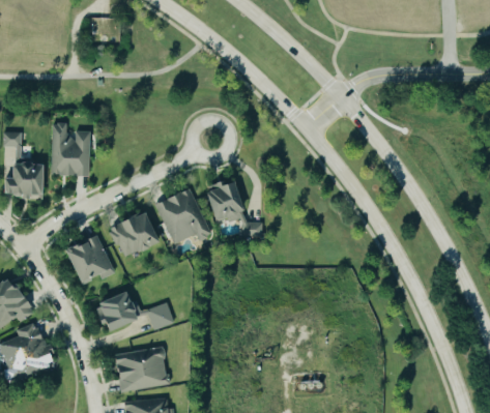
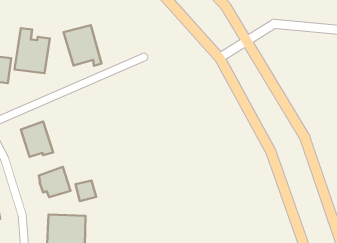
building: [207,181,263,240] -> none
building: [153,190,206,244] -> [64,25,102,66]
building: [108,214,156,255] -> none

